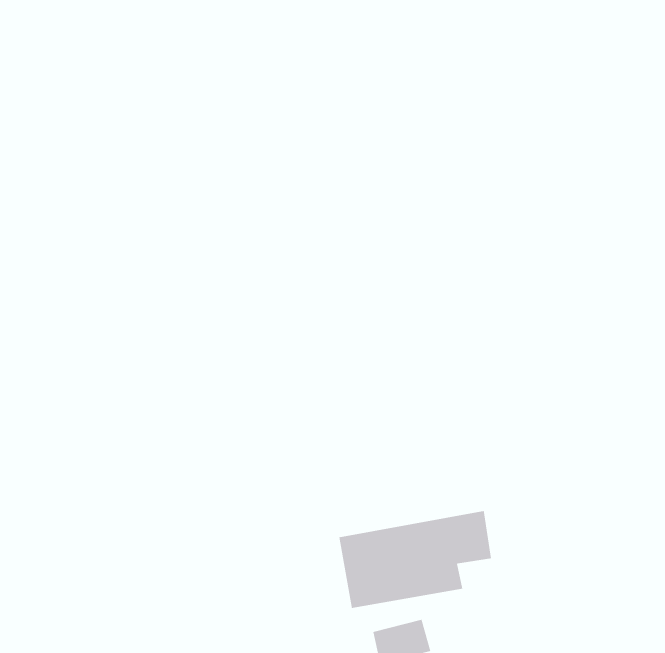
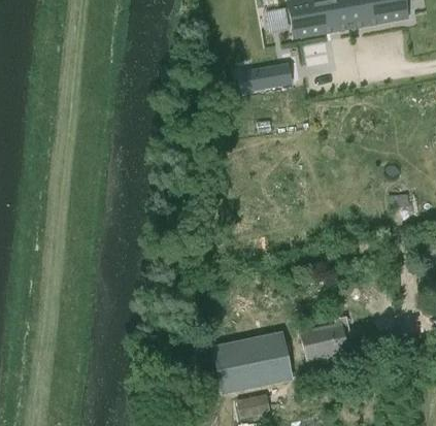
building: none -> [239,65,292,92]
building: none -> [302,324,348,359]

